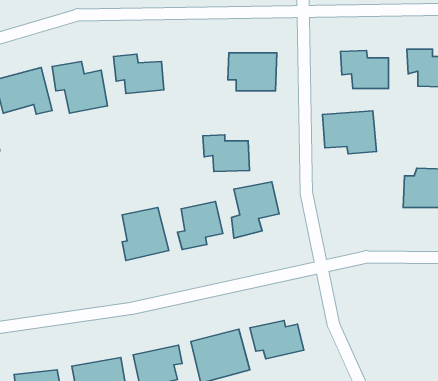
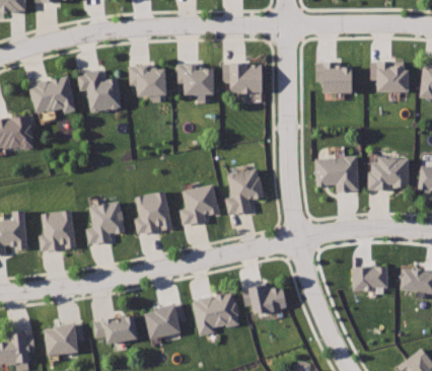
building: [322,111,376,154] -> [315,156,360,192]
building: [203,135,249,172] -> [176,64,215,94]
building: none -> [86,201,126,244]
building: none -> [40,210,76,251]
building: none -> [351,269,385,293]

